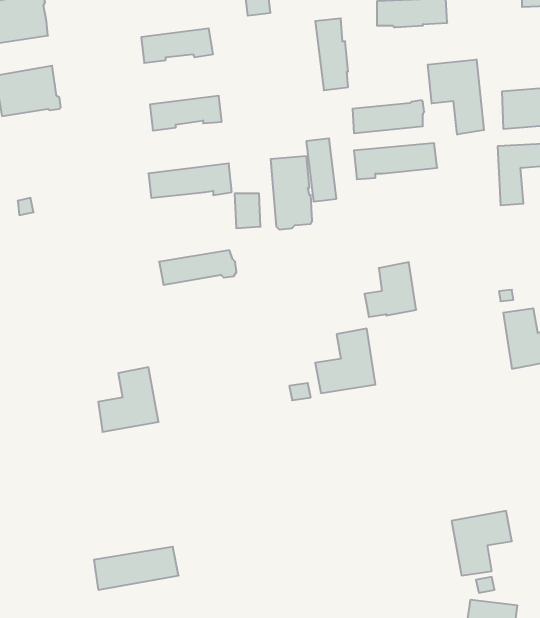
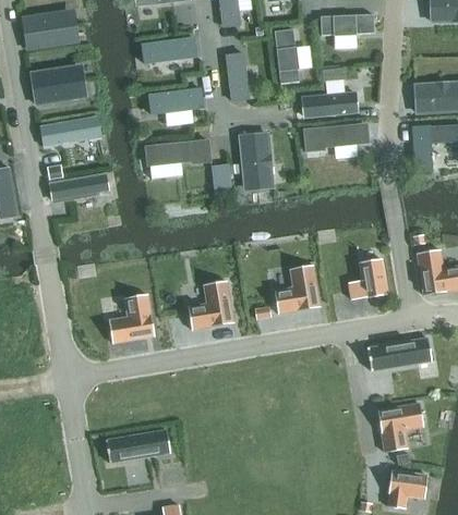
building: [428,59,484,135] -> none
building: none -> [39,117,100,146]
building: [306,138,336,202] -> [226,52,249,100]
building: [159,250,237,285] -> [50,174,109,200]
building: [364,262,416,317] -> [348,258,387,299]
building: none -> [188,281,233,330]
building: none -> [366,338,432,370]

